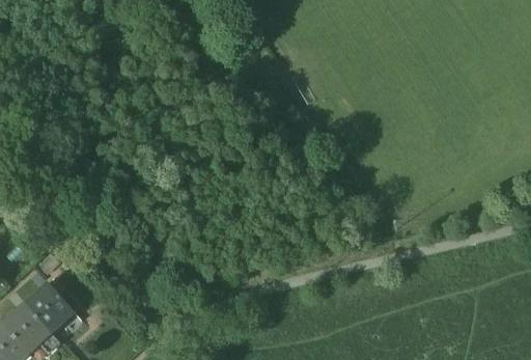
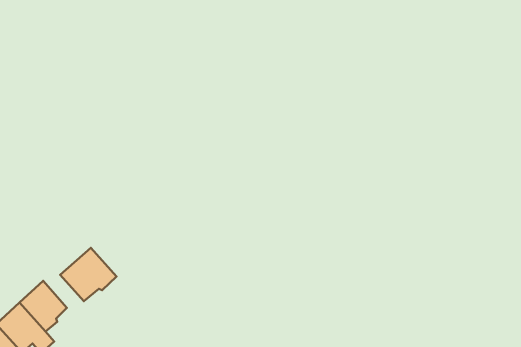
building: none -> [60,248,116,301]

